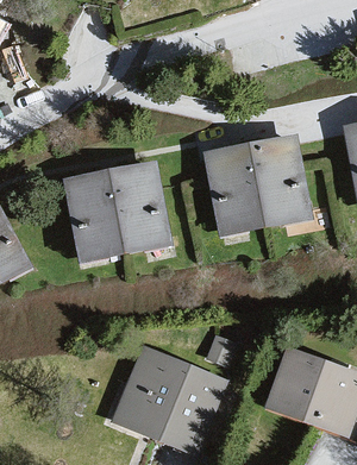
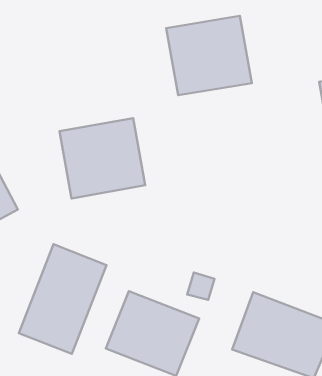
building: [213,139,306,225] -> [166,16,252,95]
building: none -> [19,244,106,354]

